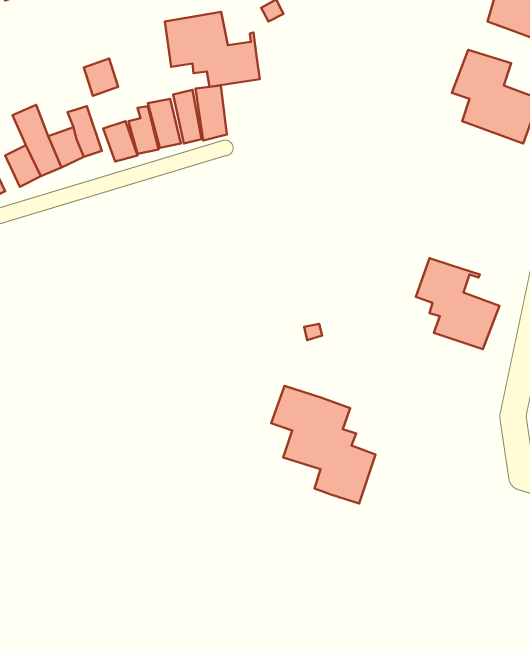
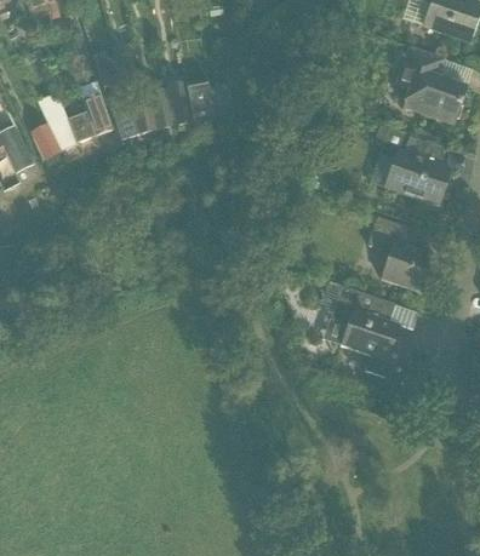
building: [165,12,260,87] -> none
building: none -> [373,122,451,205]
building: [271,386,375,504] -> [331,286,416,382]

